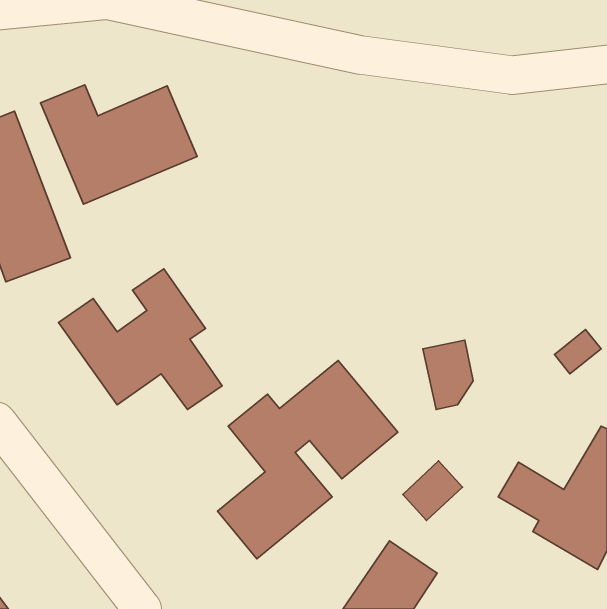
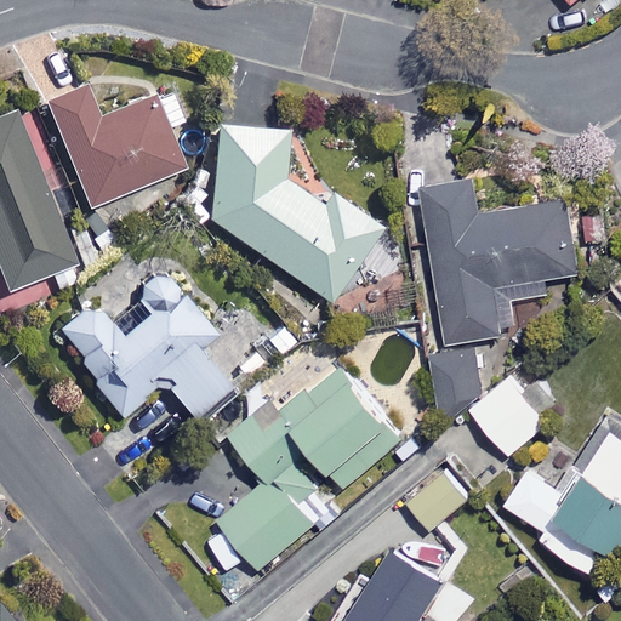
building: none -> [212,125,375,297]
building: none -> [423,182,575,344]
building: none -> [471,375,548,455]

